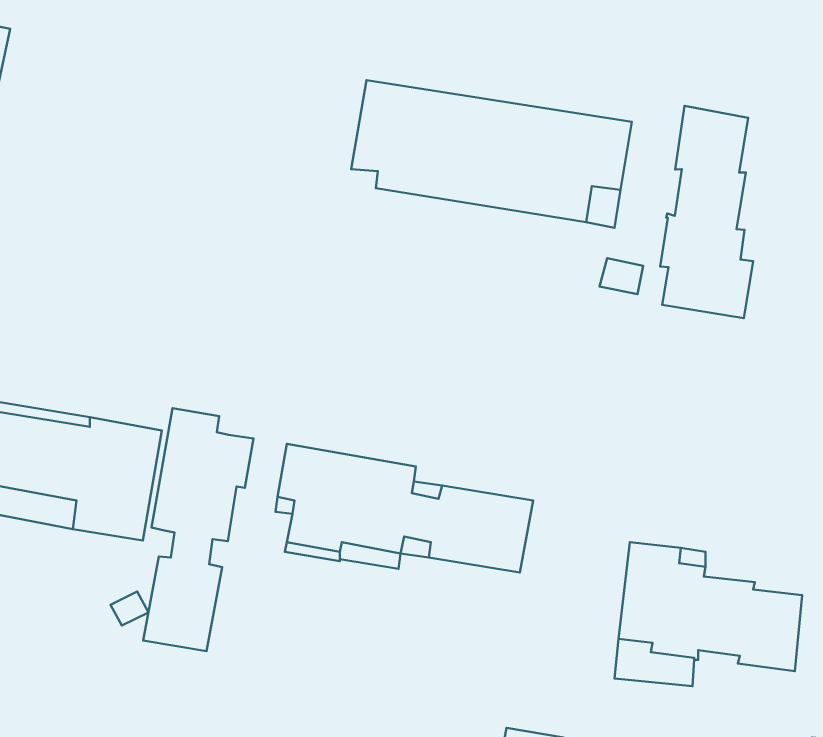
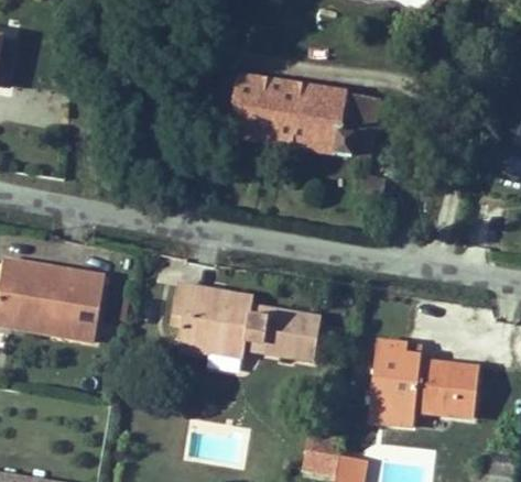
building: [660,106,753,318] -> none
building: [143,408,253,651] -> none

